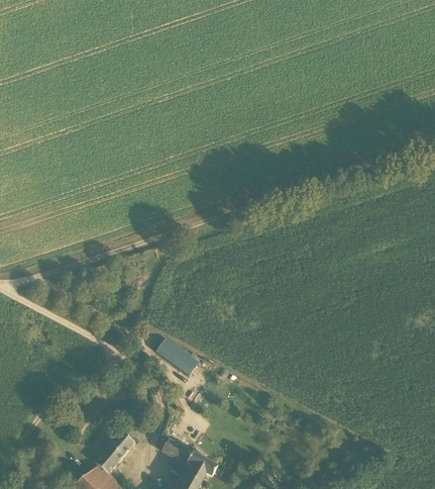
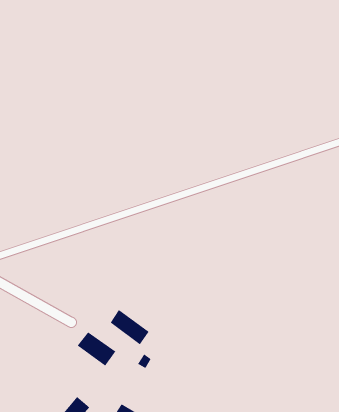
building: none -> [77,332,116,366]

